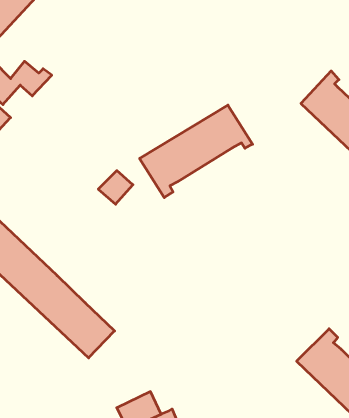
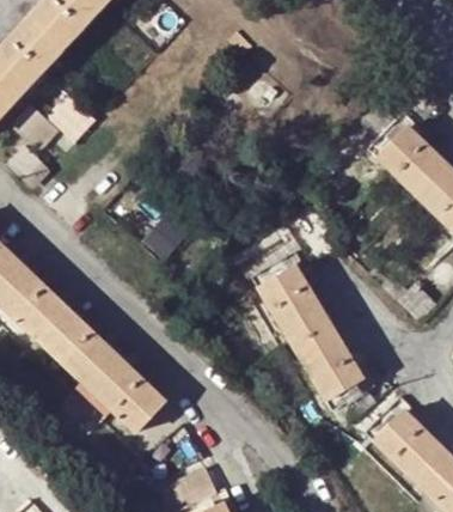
building: [140,105,253,198] -> none
building: none -> [252,252,377,410]

